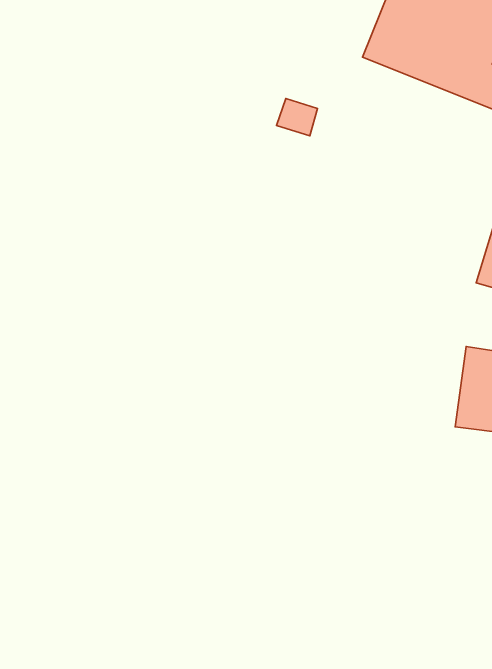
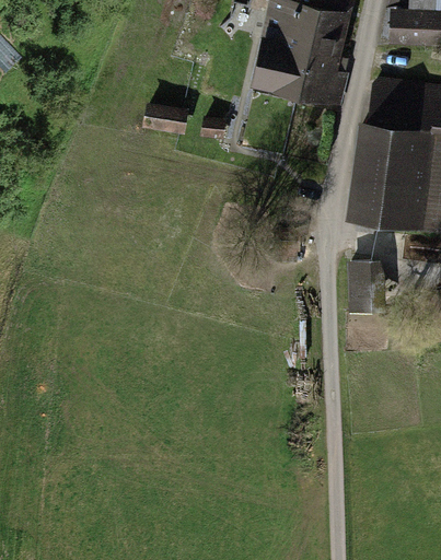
building: none -> [142,103,189,135]

